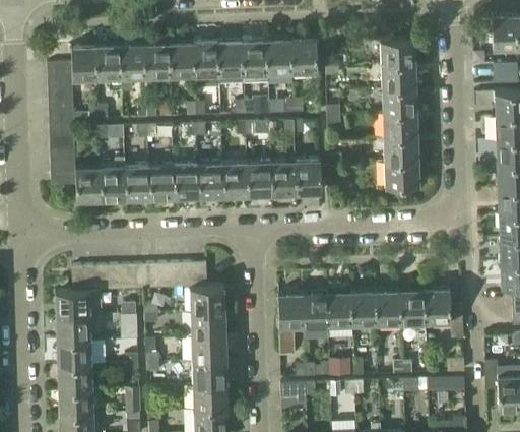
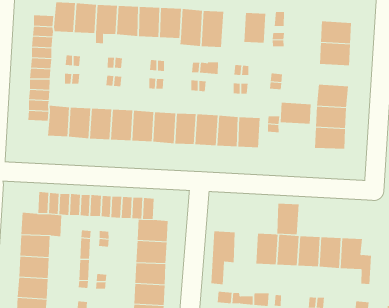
building: [267,40,292,75] -> none
building: [382,90,418,115] -> [280,102,311,124]
building: [303,293,329,329] -> [276,203,299,235]

